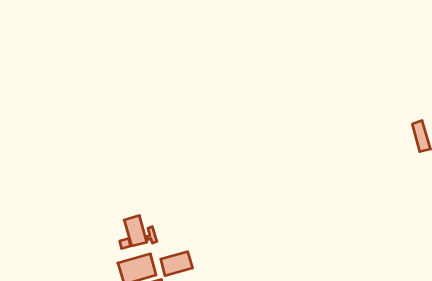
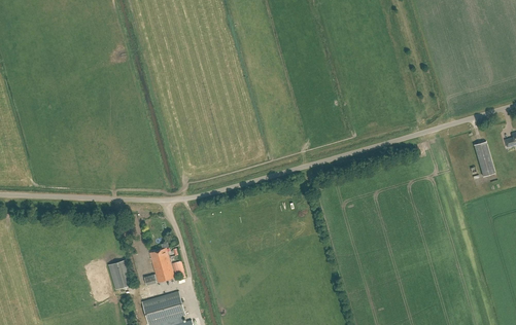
building: none -> [107,259,133,289]
building: [161,252,192,276] -> none

